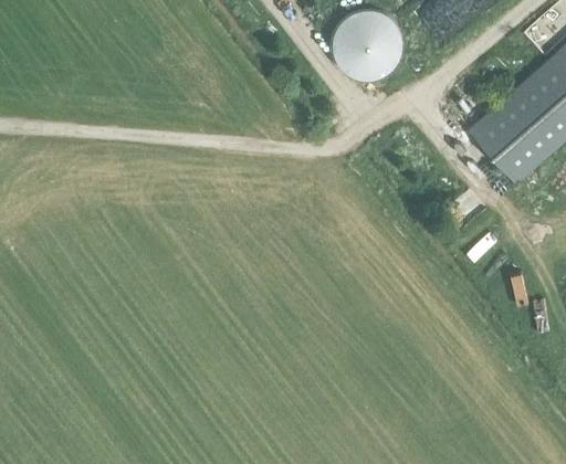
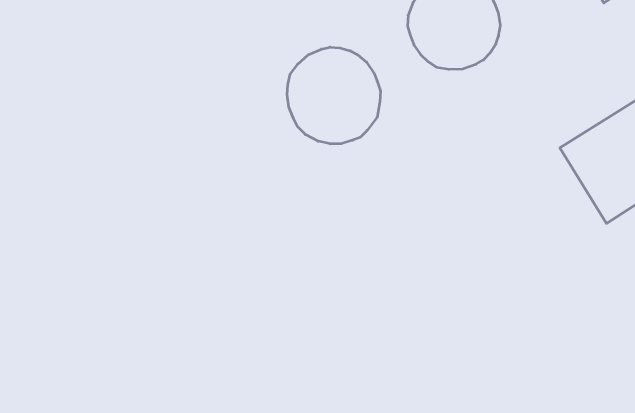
building: none -> [287,47,380,144]

